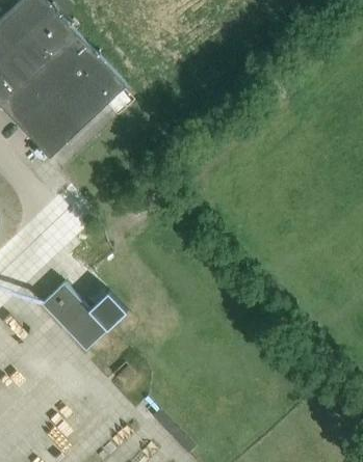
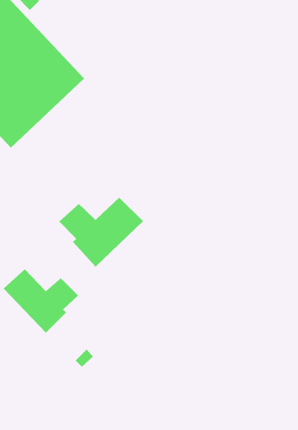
building: none -> [59,197,144,267]

